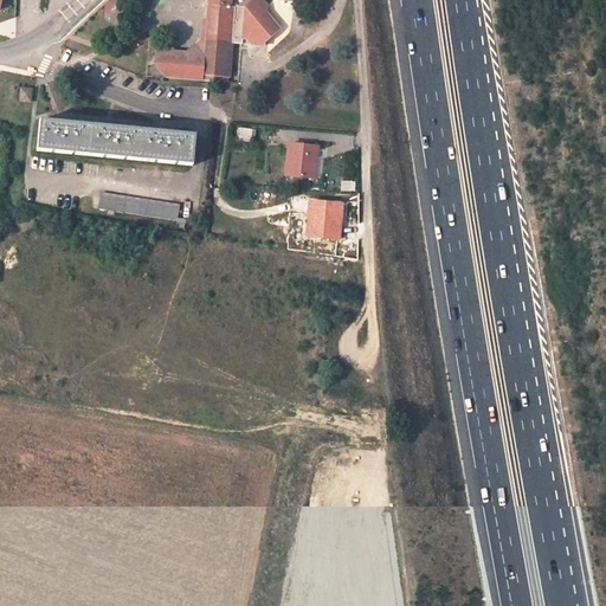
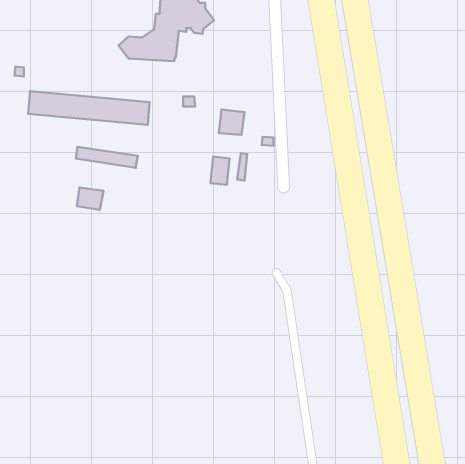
building: [318,200,343,237] -> [210,157,230,185]
building: none -> [77,187,104,210]

